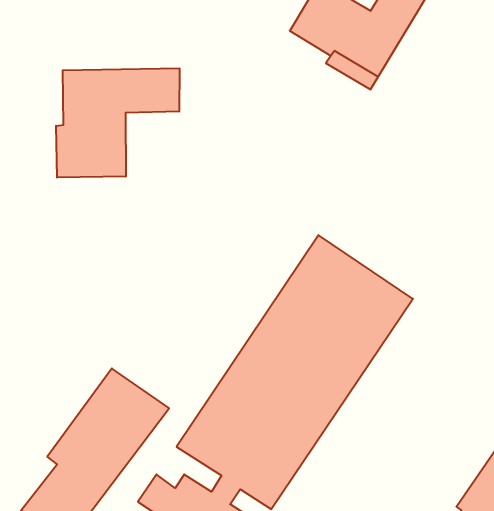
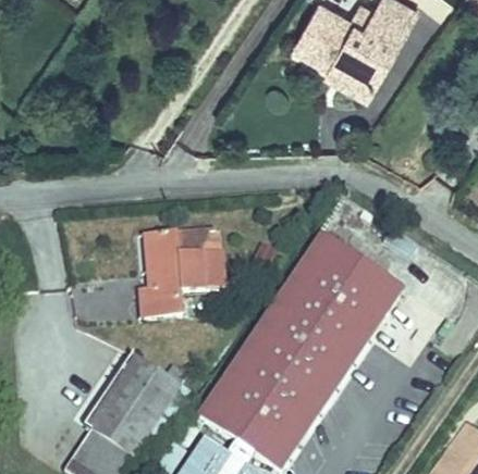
building: [56,68,179,178] -> none
building: none -> [136,229,220,320]

